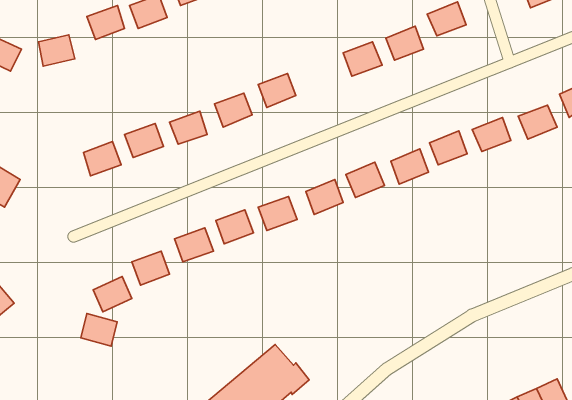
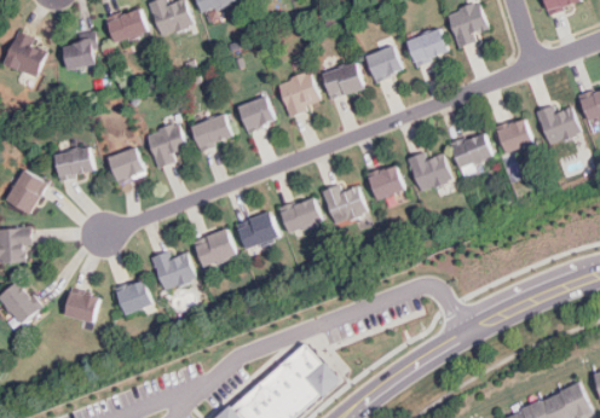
building: none -> [324,63,363,97]
building: none -> [56,146,92,178]
building: [81,313,117,346] -> [63,291,99,324]

